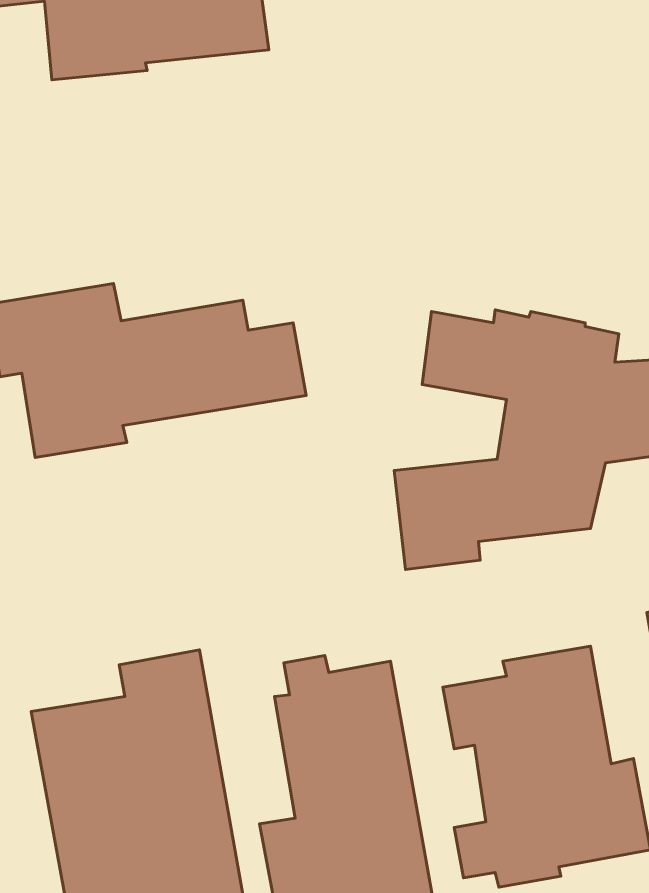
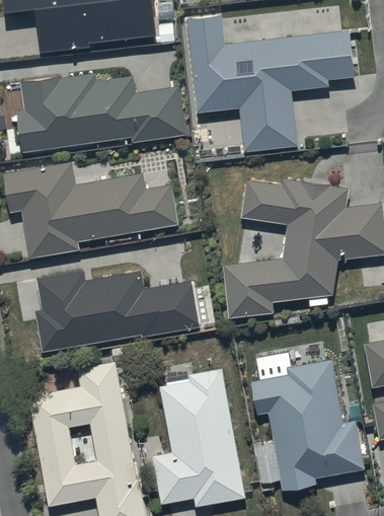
building: none -> [186,14,353,153]
building: none -> [19,73,186,153]
building: none -> [35,271,198,352]

